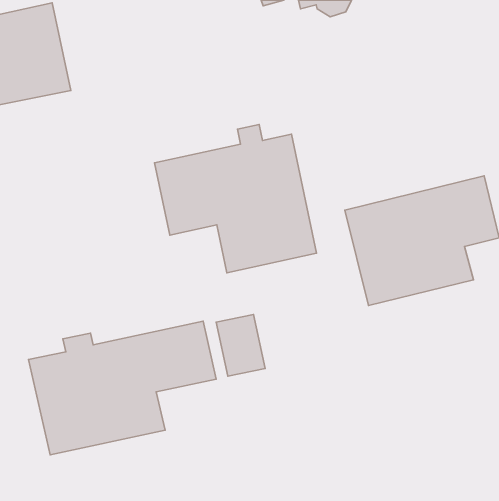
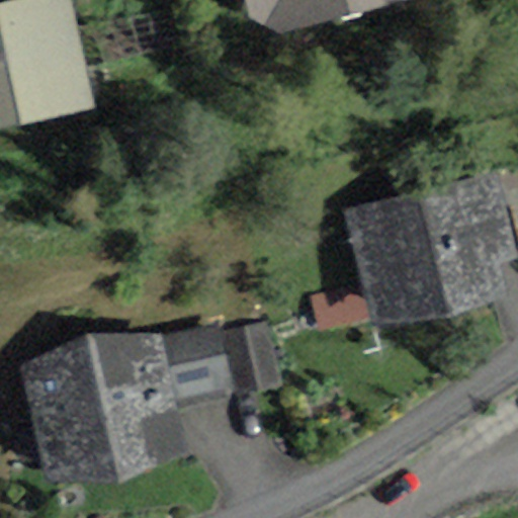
building: [154,125,317,273] -> none

